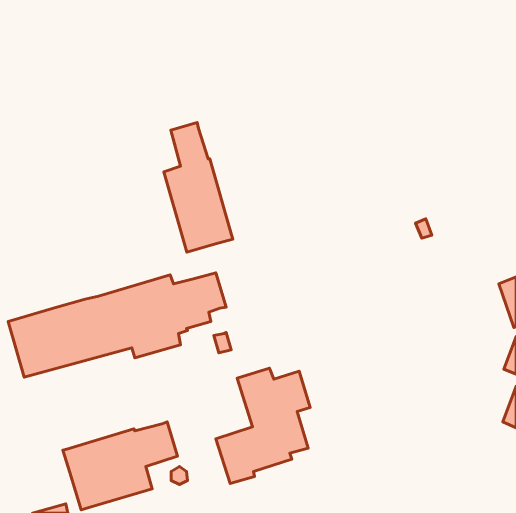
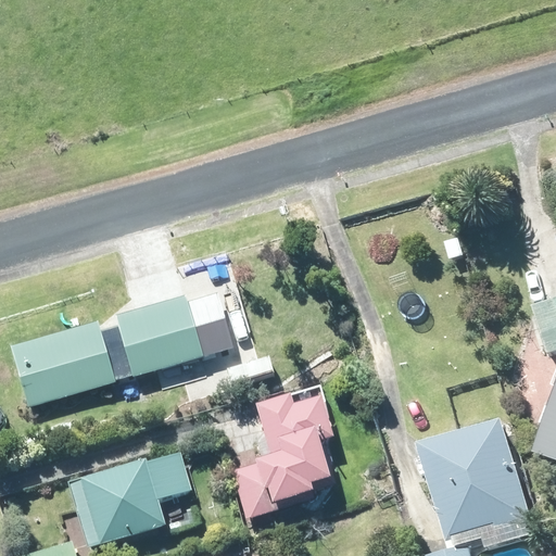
building: [164,122,233,252] -> none
building: none -> [425,422,531,536]

